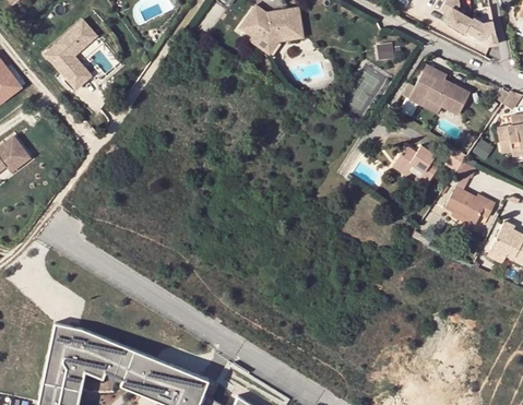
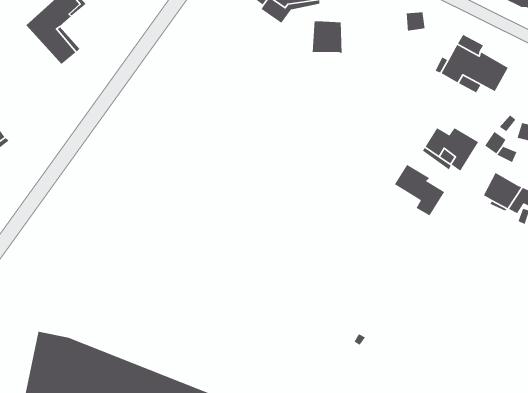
building: none -> [312,21,342,54]
building: none -> [394,164,445,217]

